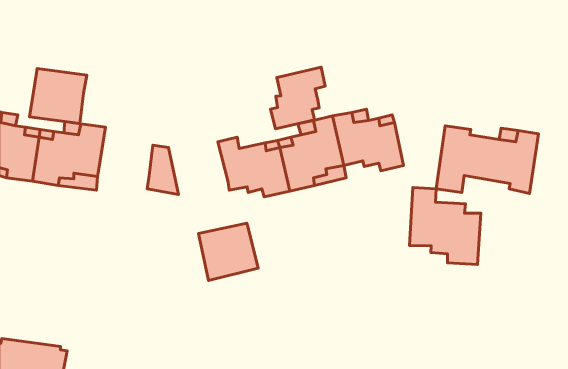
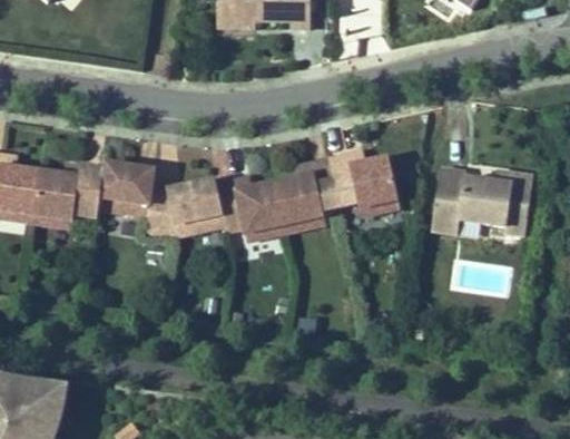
building: [270,67,325,129] -> none
building: [29,68,87,123] -> [98,162,155,216]
building: [410,187,481,265] -> none
building: [199,223,258,281] -> [167,178,226,235]

